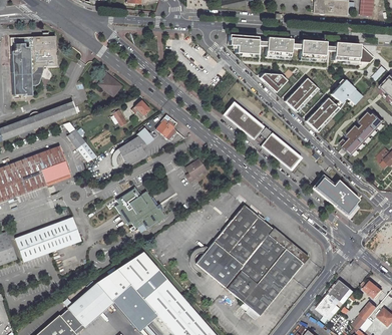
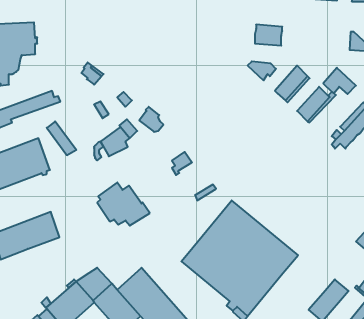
building: [229,34,258,54] -> none
building: [300,39,326,59] -> none
building: [334,42,357,61] -> none
building: [222,101,298,168] -> none
building: [313,177,356,214] -> none
building: [115,251,157,290] -> none

